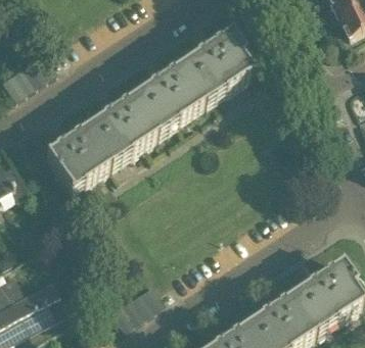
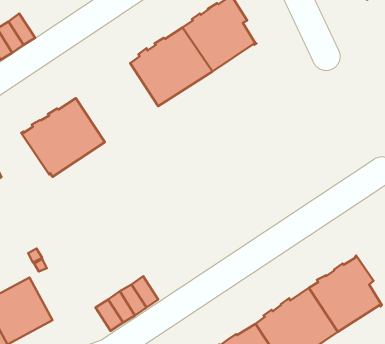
building: [91,92,164,161] -> none

